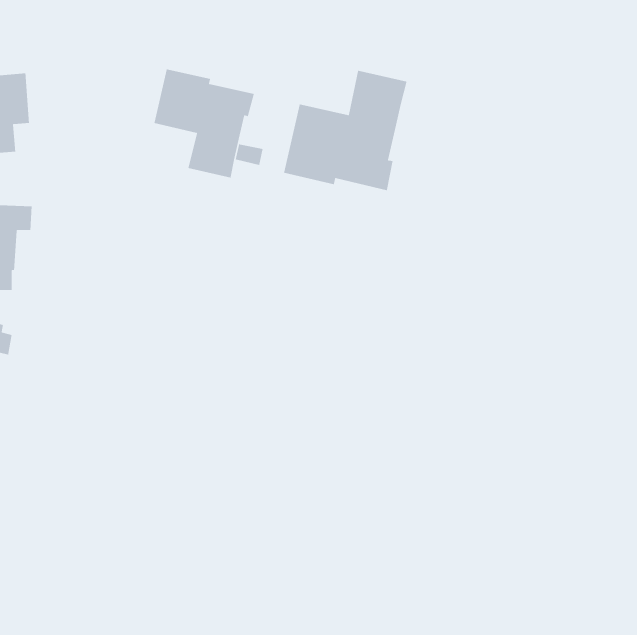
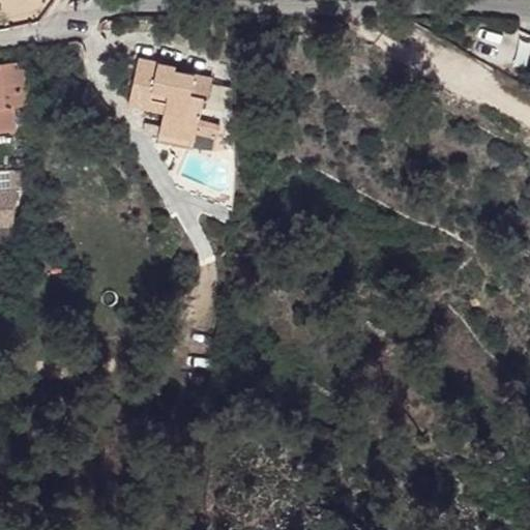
building: [283,70,408,191] -> none

